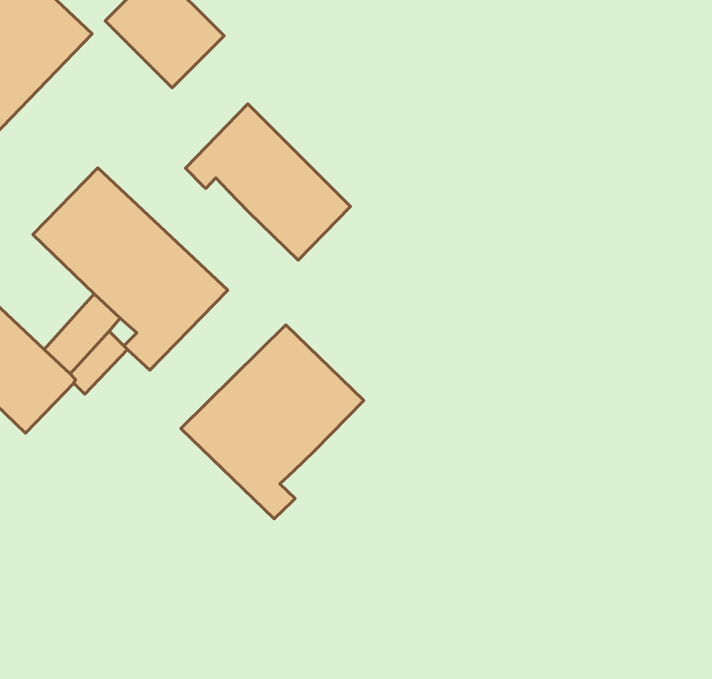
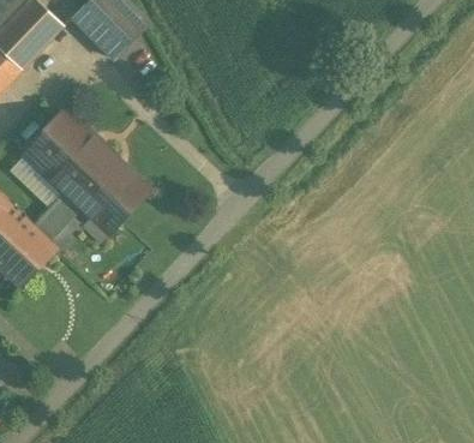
building: [186,104,350,260] -> none
building: [181,325,364,519] -> none

